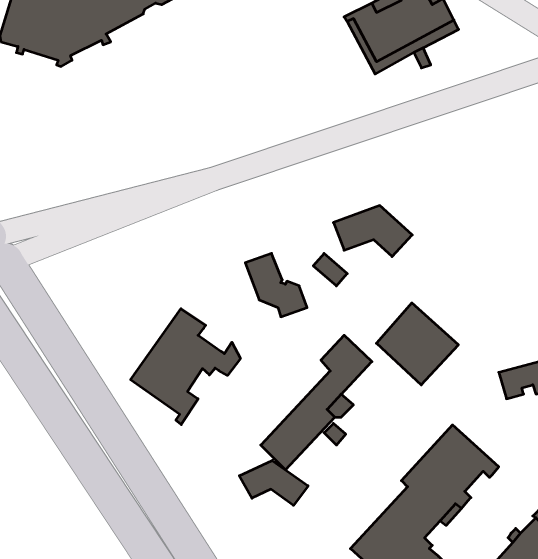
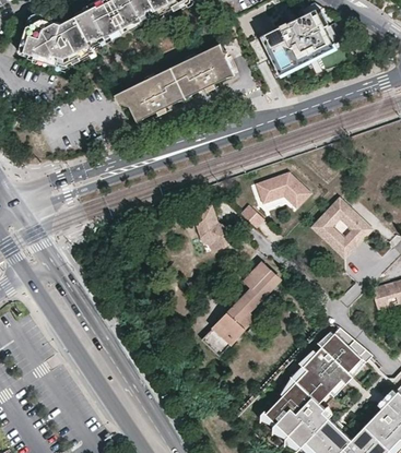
building: none -> [115,45,232,120]
building: [376,303,458,385] -> [312,196,370,254]
building: [131,309,240,425] -> none
building: [239,460,308,505] -> none

